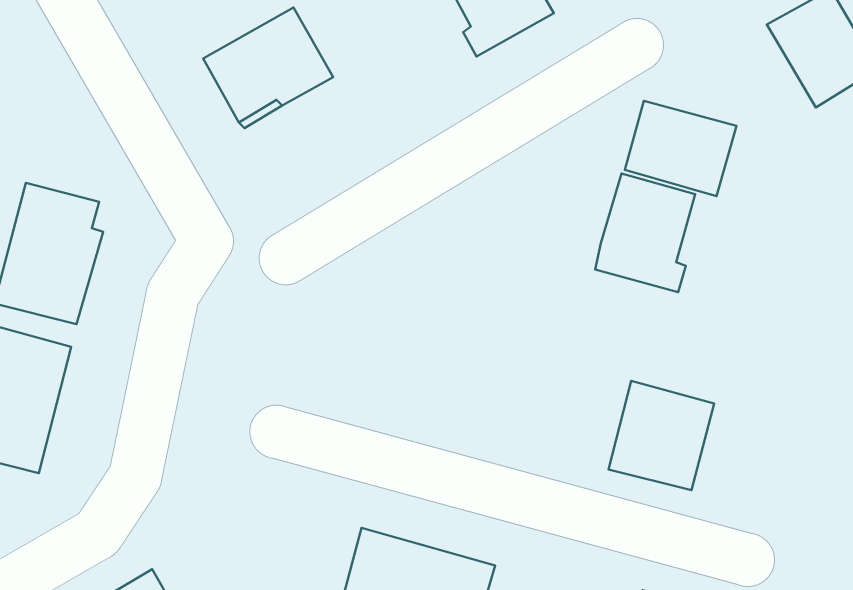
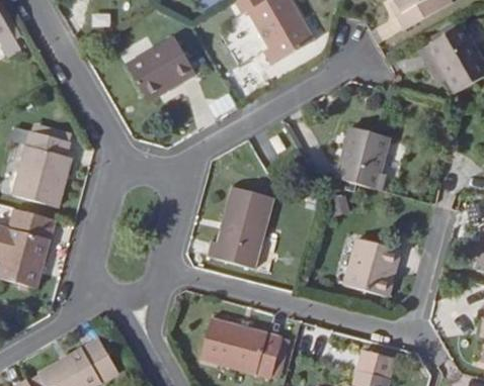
building: [625,101,736,196] -> none
building: none -> [207,186,274,269]

